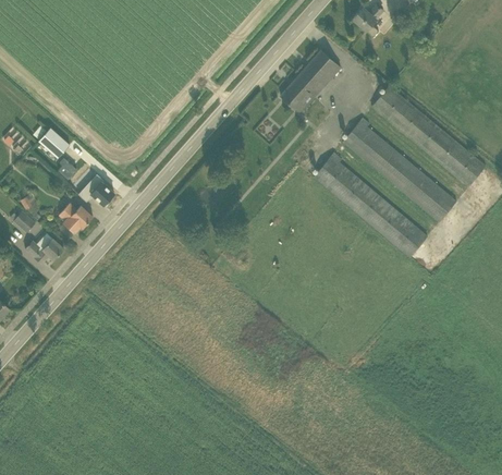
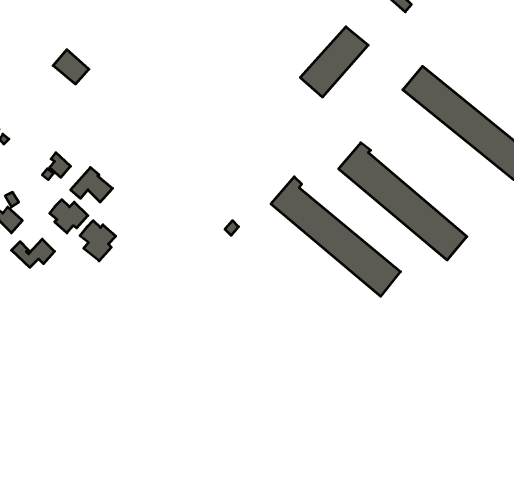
building: [342,117,456,222] -> [271,177,401,296]
building: [38,126,70,157] -> [53,50,89,84]
building: none -> [80,221,116,261]

